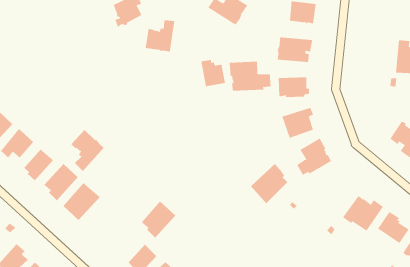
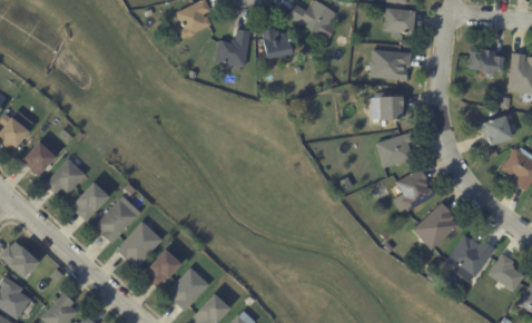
building: none -> [470,50,503,78]
building: [200,59,226,87] -> [262,28,292,60]
building: [229,61,271,92] -> none
building: none -> [477,117,512,147]
building: [70,129,105,172] -> none
building: [250,163,288,204] -> [413,204,457,252]
building: [141,200,176,238] -> [168,266,209,311]
building: none -> [142,248,179,287]

